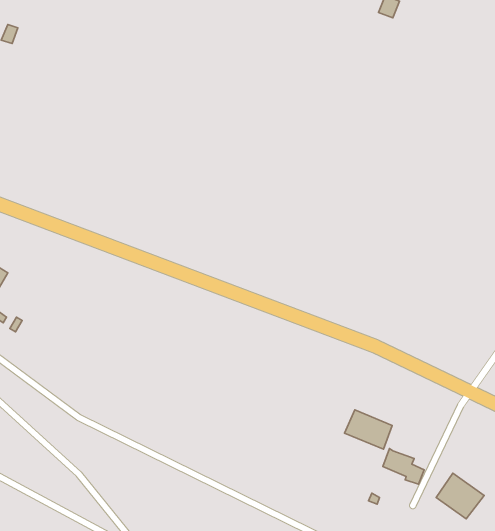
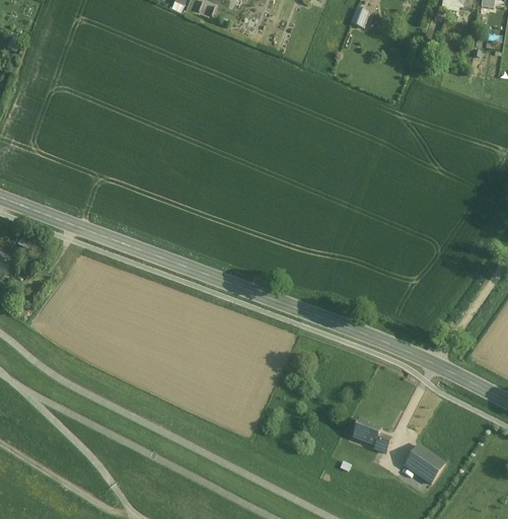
building: [344,410,392,449] -> none

